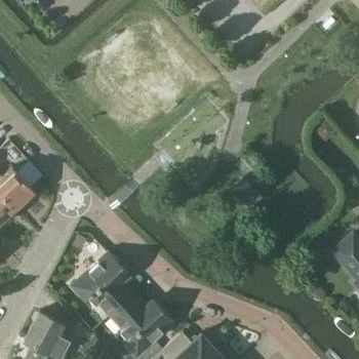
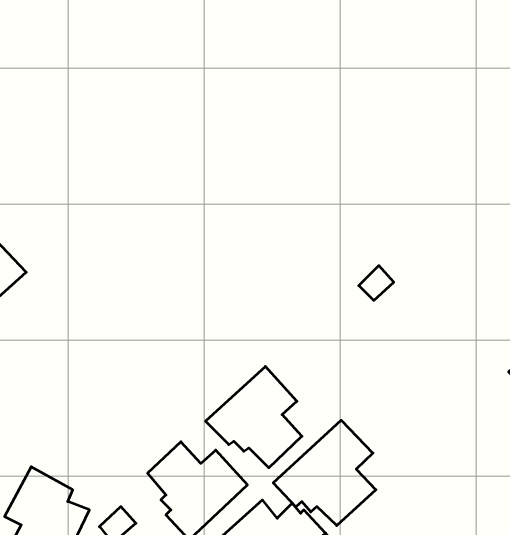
building: [73,252,132,315] -> [206,366,302,468]
building: none -> [273,420,376,526]

